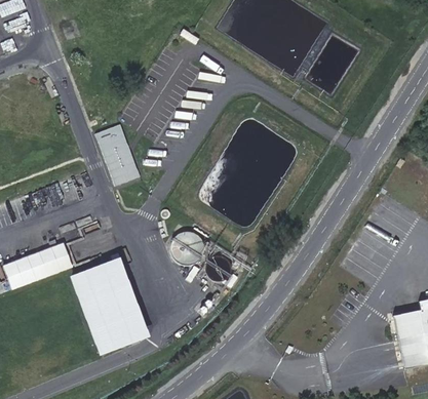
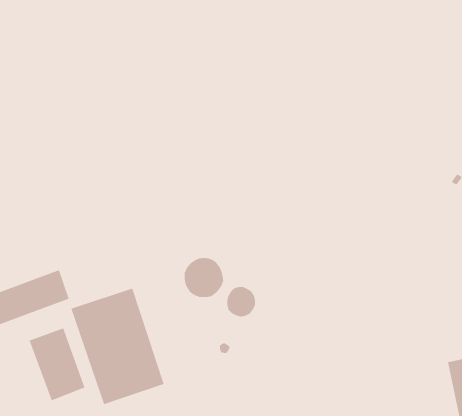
building: [94,123,139,185] -> none
building: none -> [29,328,85,401]

